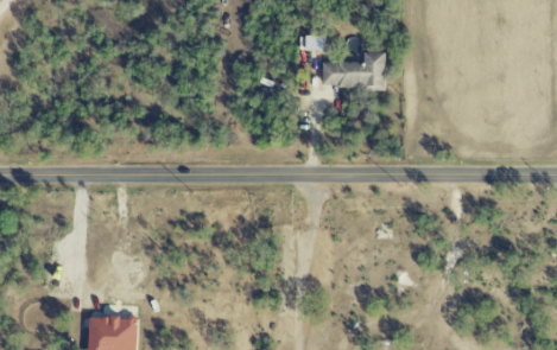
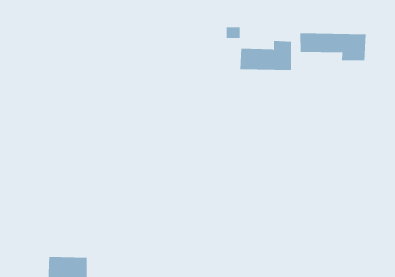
building: none -> [300,32,366,61]

